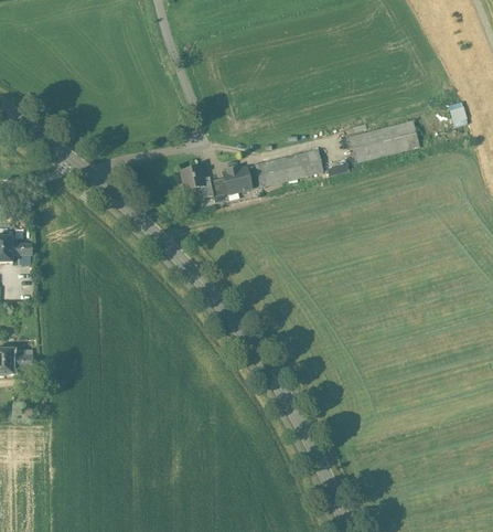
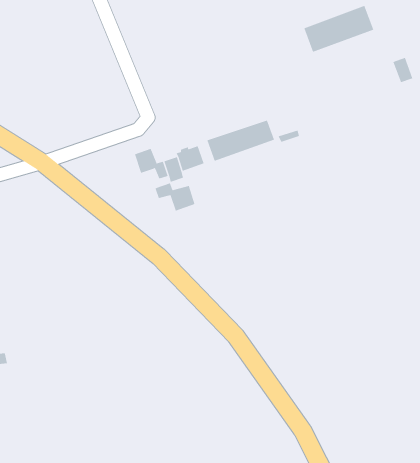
building: [349,120,419,162] -> [303,5,374,53]
building: none -> [155,183,195,211]

